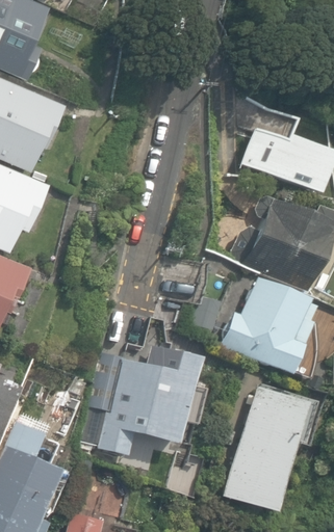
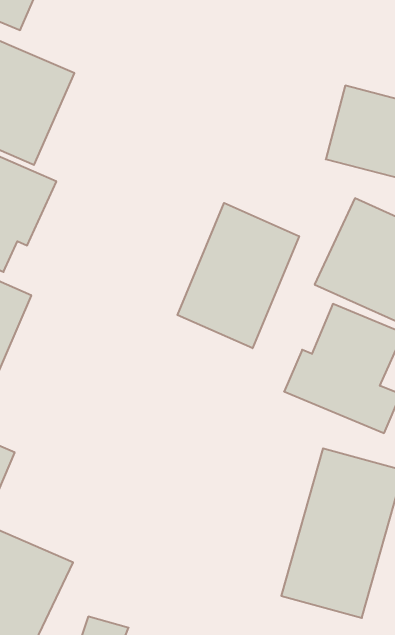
building: none -> [177,203,299,348]
building: [88,345,205,455] -> none

